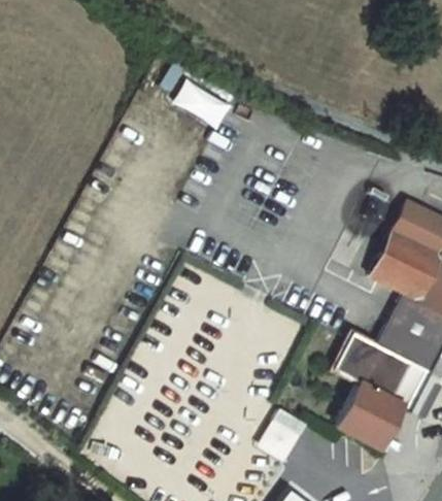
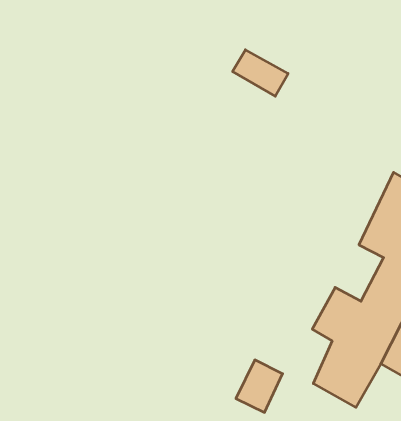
building: [170,75,228,124] -> [233,50,288,96]

